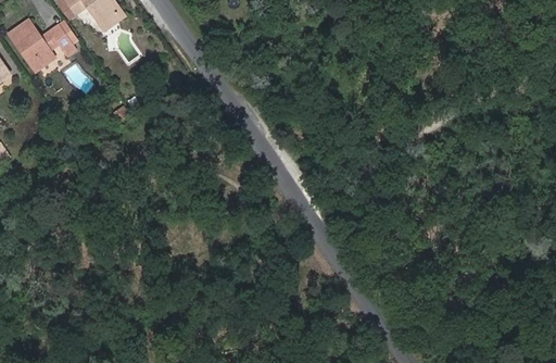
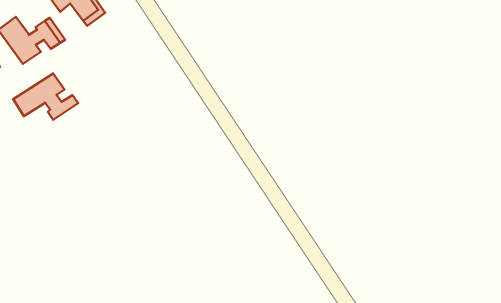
building: none -> [13,74,78,120]

